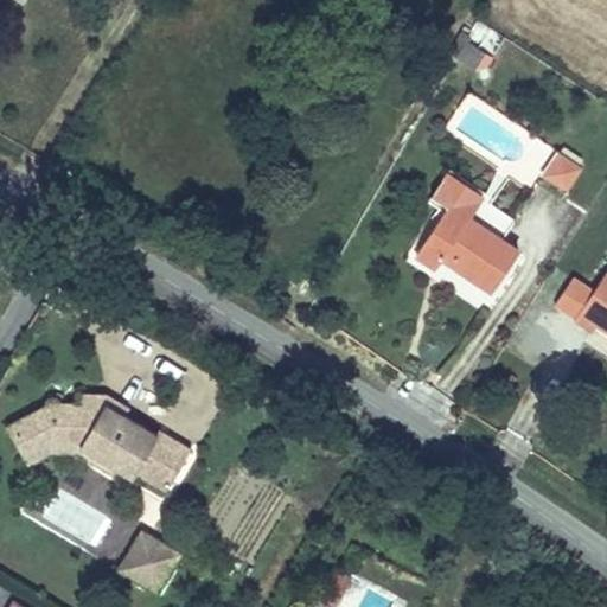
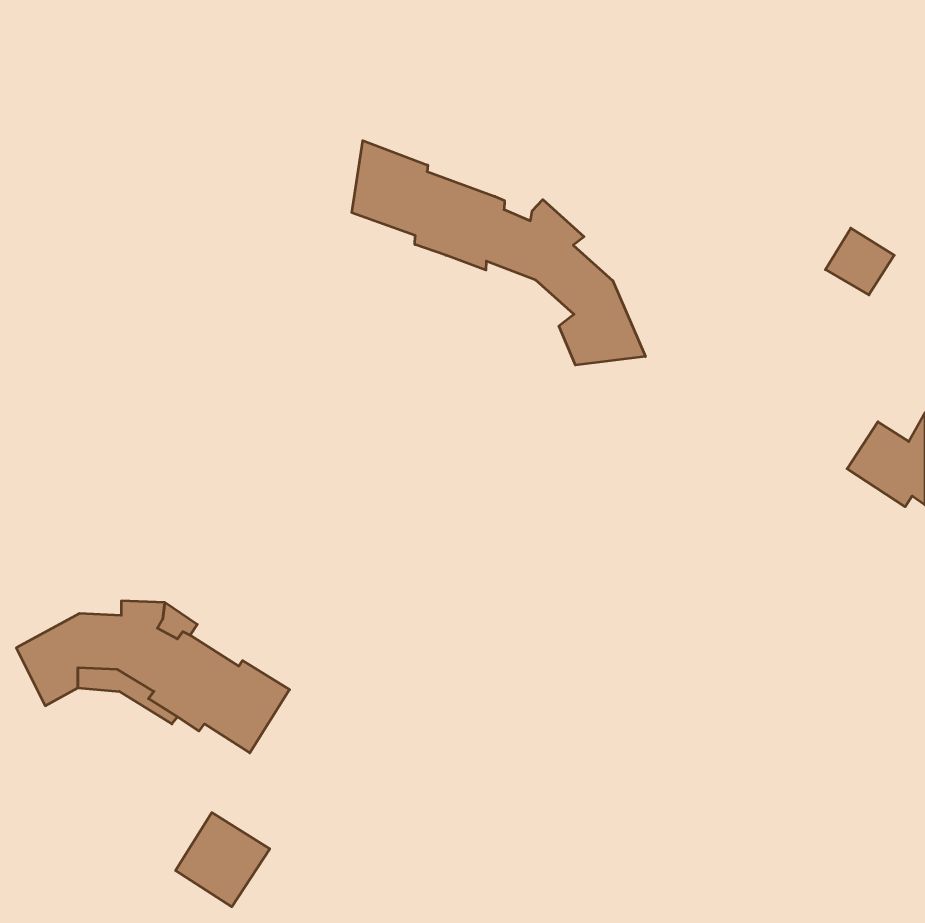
building: none -> [352,141,645,365]
building: [415,172,520,295] -> none

